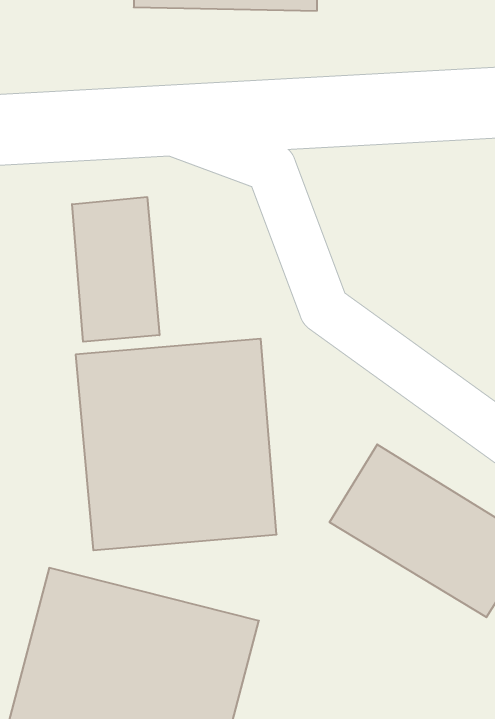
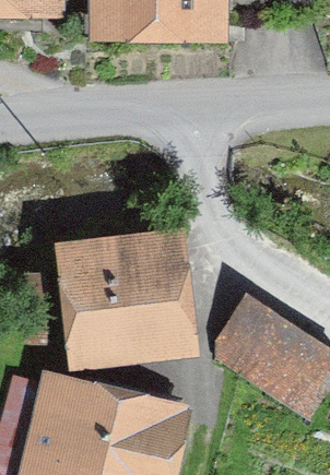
building: [72,197,159,342] -> none

